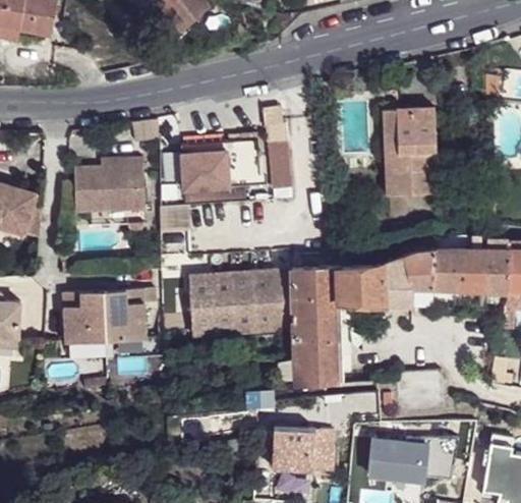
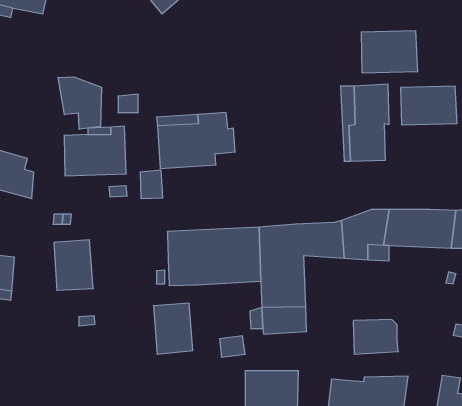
building: none -> [361,31,417,73]
building: none -> [58,77,101,129]
building: none -> [401,86,457,125]
building: [268,124,292,189] -> none
building: [102,281,146,338] -> [153,303,193,354]

